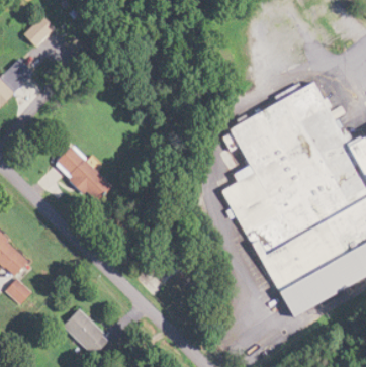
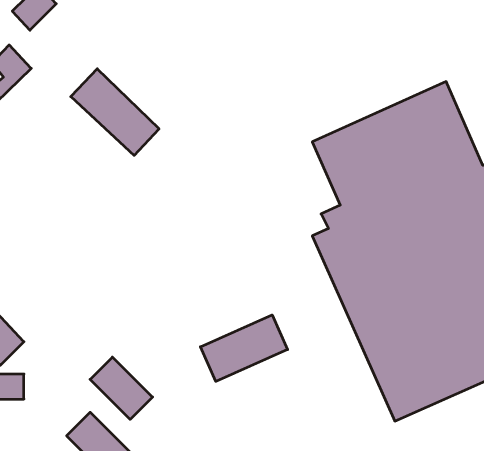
building: [55,146,115,205] -> [71,69,159,155]
building: none -> [200,315,288,381]
building: none -> [90,357,153,419]

